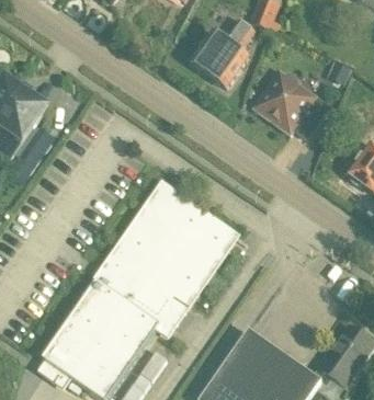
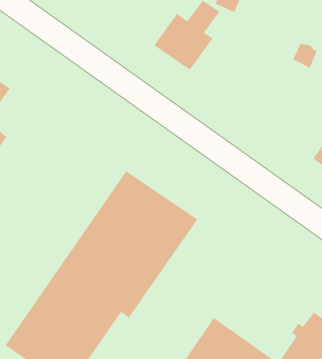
building: [254,70,328,132] -> none

